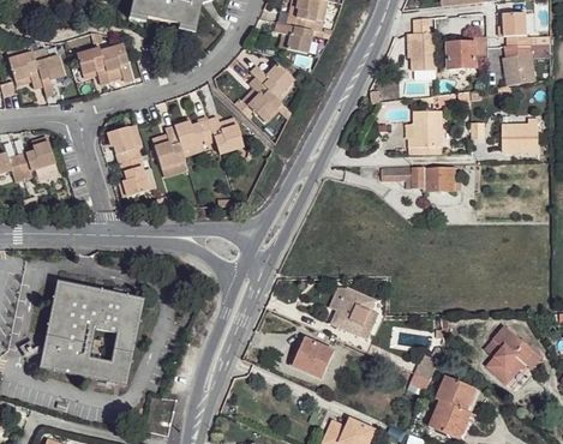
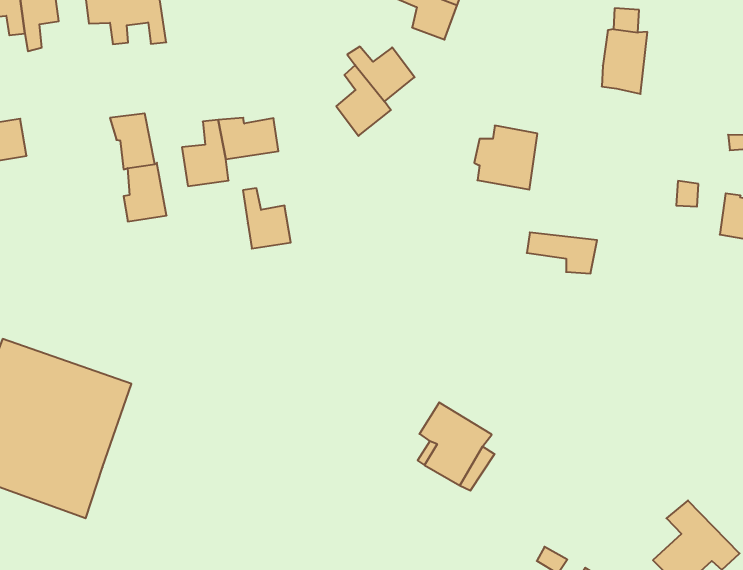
building: [448,38,486,70] -> none
building: [402,112,439,149] -> [474,126,537,190]
building: [209,116,244,155] -> [243,188,291,249]
building: [423,169,453,193] -> none
building: [288,336,334,377] -> none

